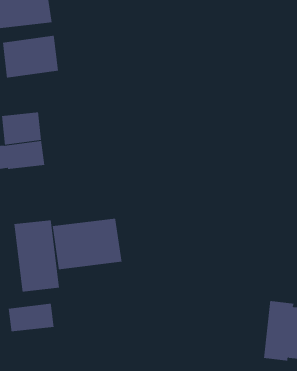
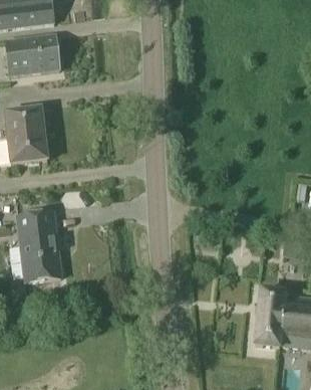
building: [52,218,122,270] -> none
building: [8,303,54,332] -> none

